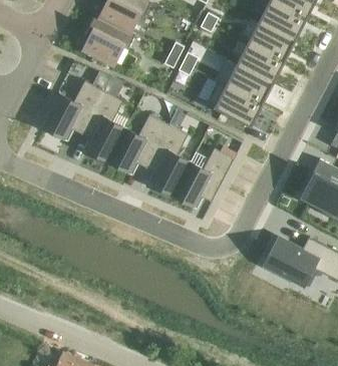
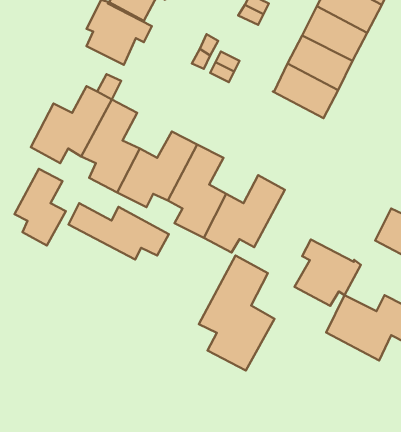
building: [205,79,263,126] -> none
building: none -> [15,169,66,245]
building: none -> [68,203,169,259]
building: none -> [294,240,361,306]
building: none -> [199,256,275,371]

